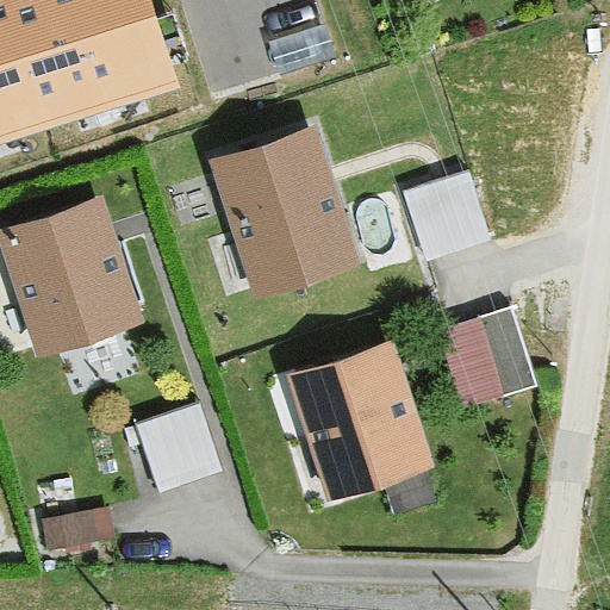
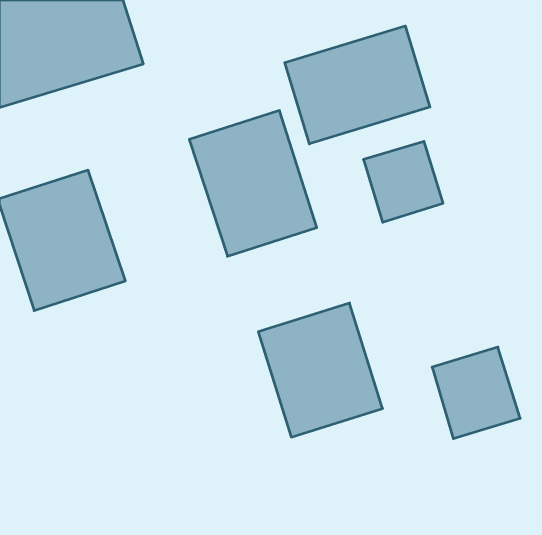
building: none -> [285,26,430,144]
building: [442,303,541,405] -> [432,347,520,439]
building: [138,399,228,491] -> none

